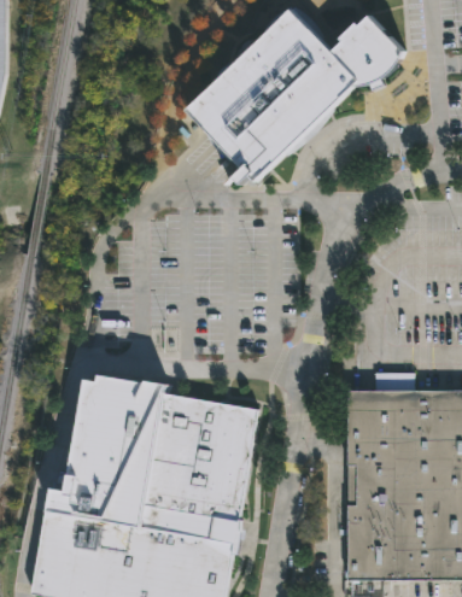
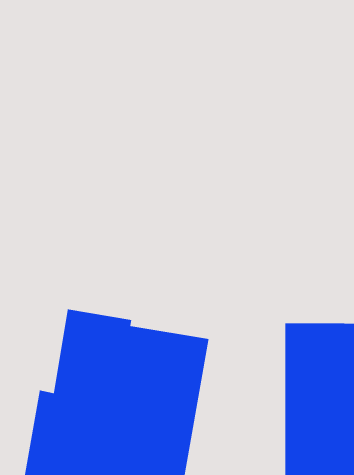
building: [186,8,400,181] -> none

